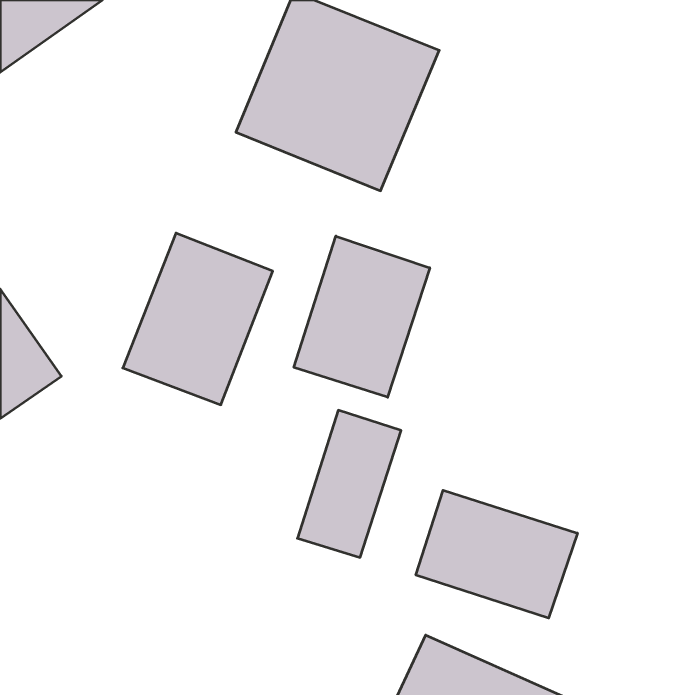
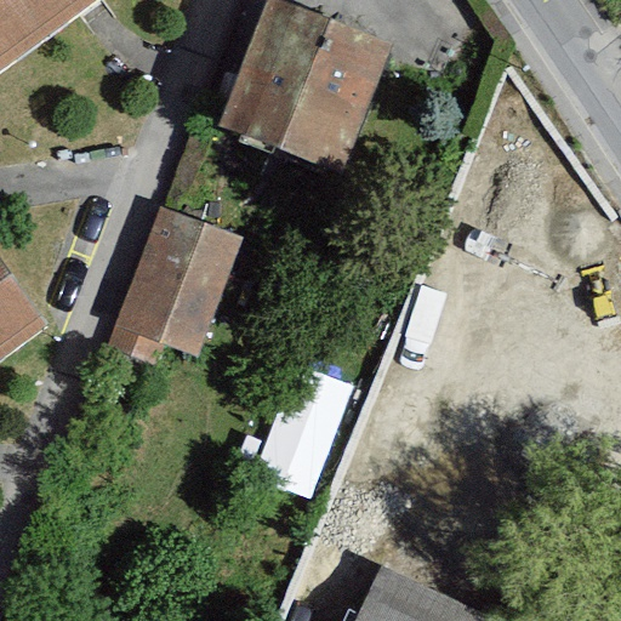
building: [294,236,430,397] -> none
building: [416,490,577,618] -> none

